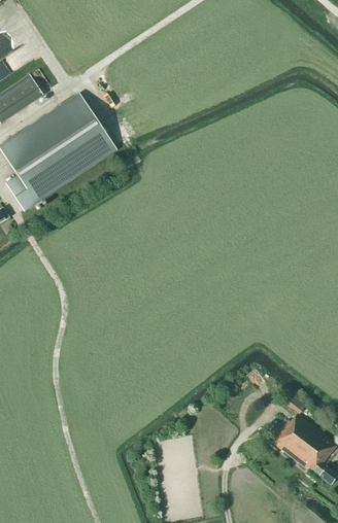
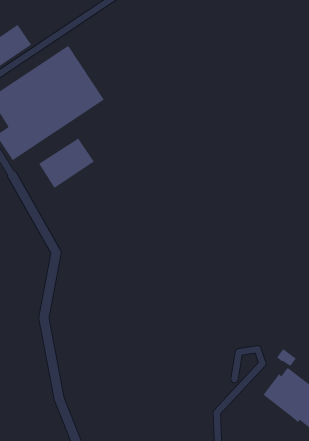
building: none -> [38,138,95,189]

